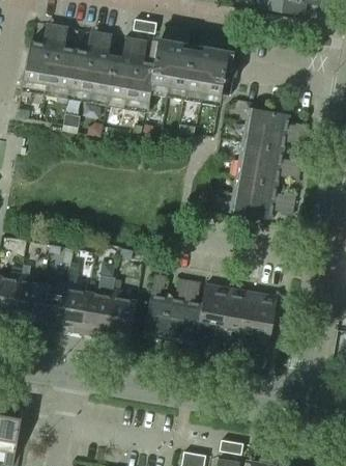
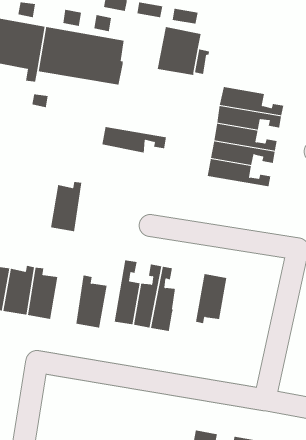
building: [150,44,193,90] -> none
building: [230,194,293,220] -> [102,126,167,153]
building: [200,284,230,335] -> none
building: [82,289,113,337] -> [50,181,82,232]
building: [246,293,278,345] -> none

